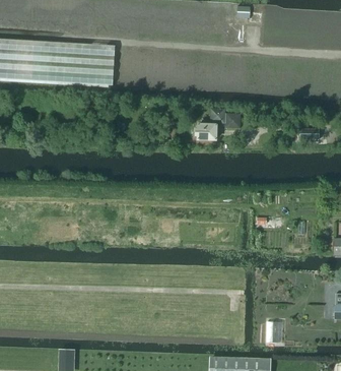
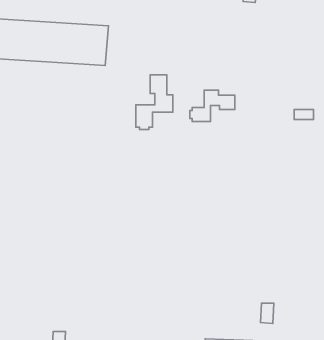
building: none -> [136,75,173,130]

